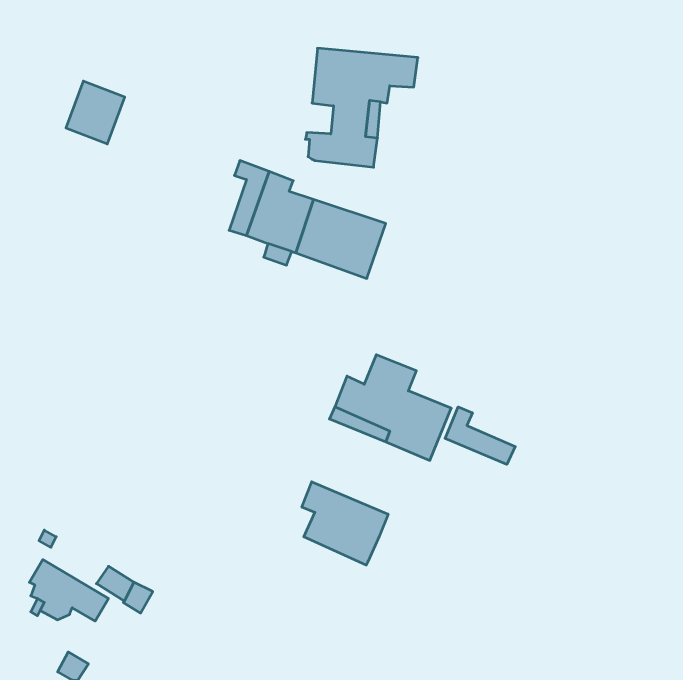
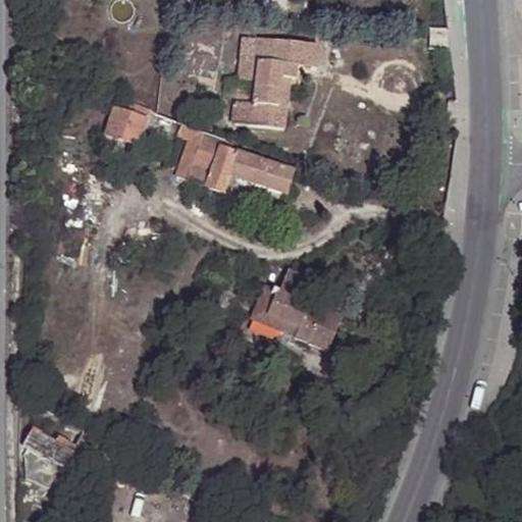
building: [66,81,125,144] -> [103,98,148,146]
building: [445,407,515,464] -> none
building: [302,482,388,565] -> none

